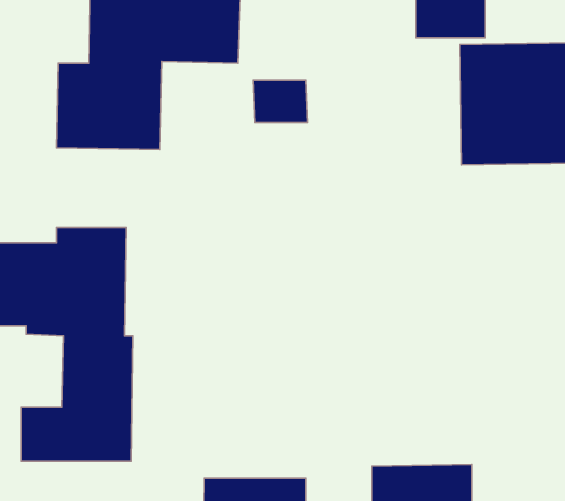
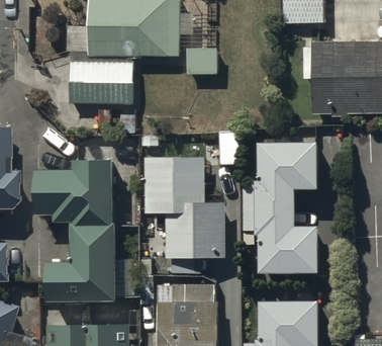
building: none -> [243,137,318,268]
building: none -> [144,155,224,258]

